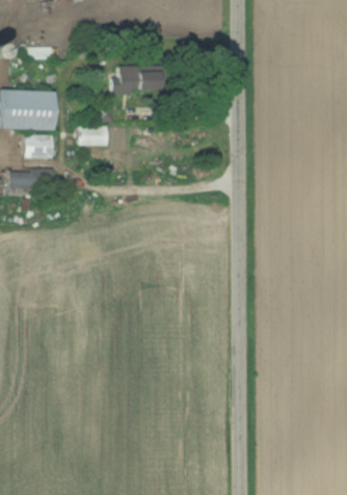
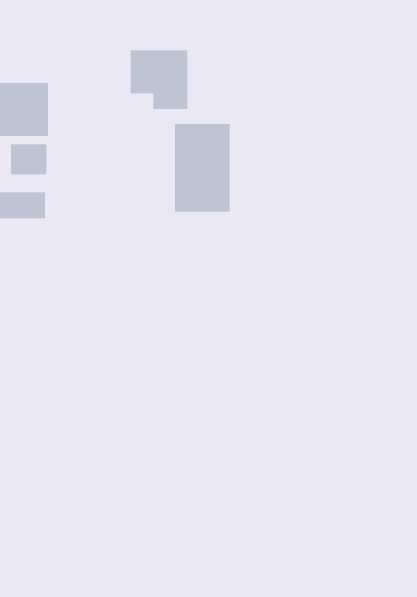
building: none -> [175,123,230,212]
building: [79,127,107,145] -> none

